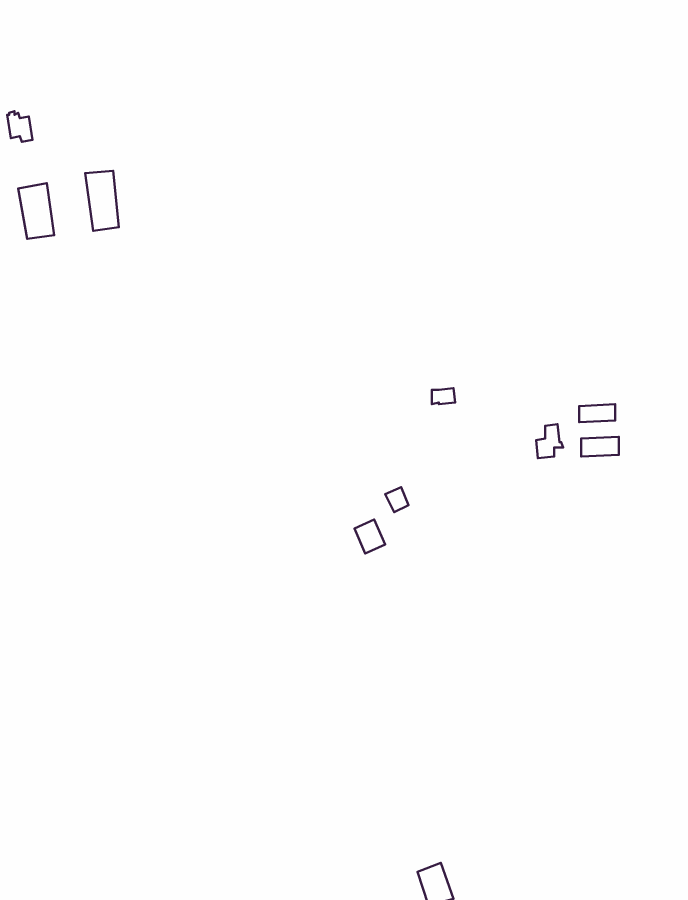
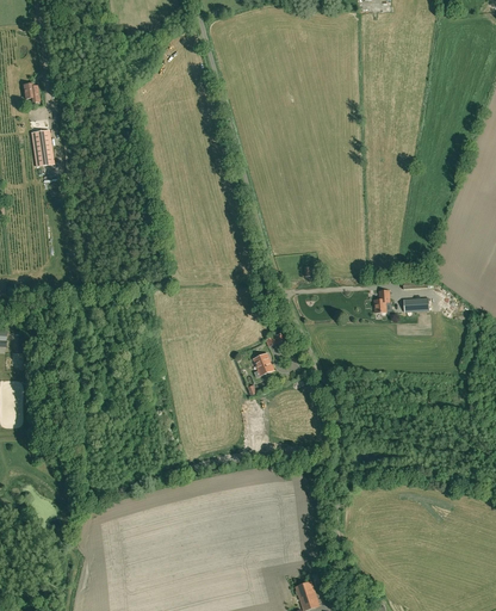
building: [85,171,119,231] -> none

